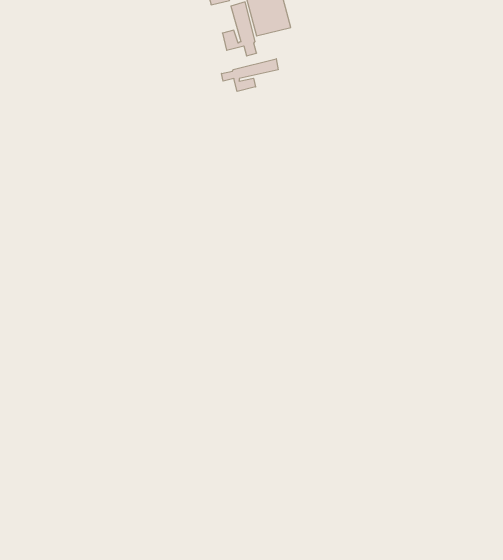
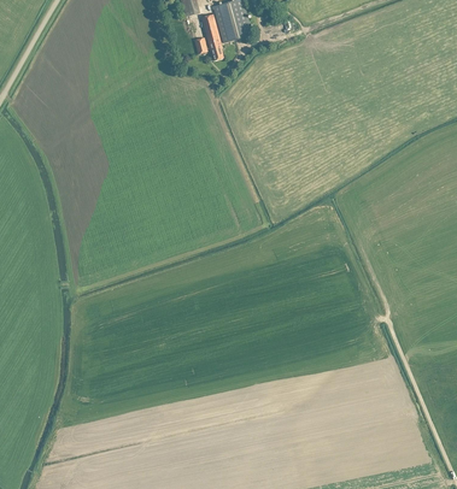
building: [222,59,278,91] -> none

